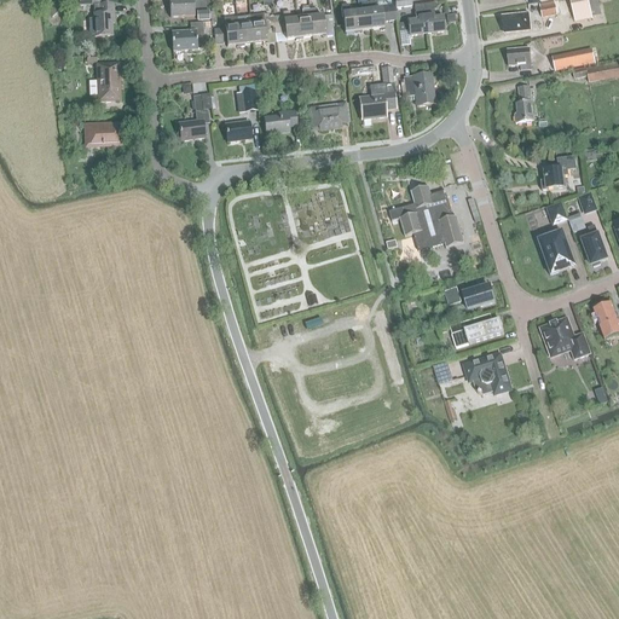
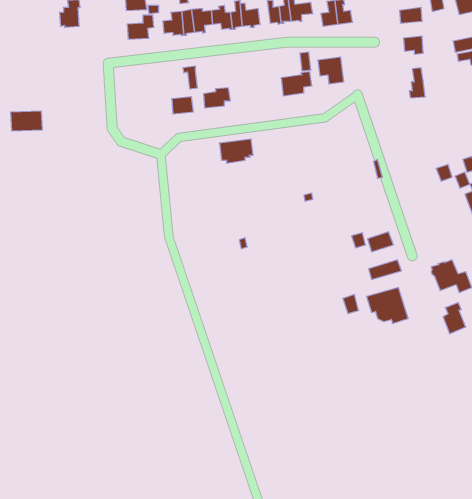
building: [88,62,120,100] -> none
building: [178,93,209,139] -> none
building: [310,100,351,129] -> [219,139,253,163]
building: [83,121,122,145] -> [11,111,42,131]
building: [540,155,575,189] -> none
building: [388,184,463,249] -> none
building: [539,231,573,273] -> none
building: none -> [443,303,466,334]

